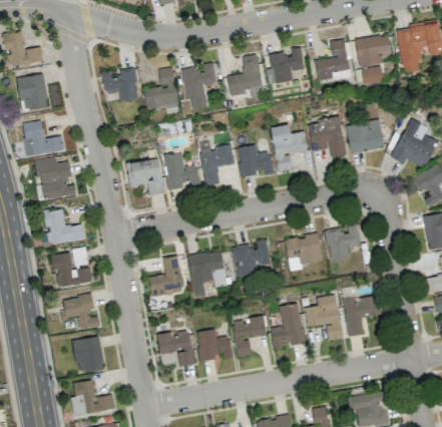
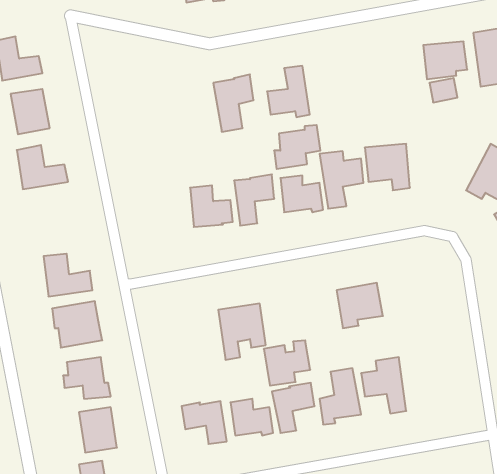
building: [315,39,350,81] -> none
building: [266,48,304,84] -> [274,125,320,169]
building: [143,67,178,108] -> none
building: [102,70,138,100] -> none
building: [346,120,384,153] -> none
building: [36,156,75,199] -> none
building: [121,159,163,195] -> none
building: [326,224,361,261] -> none
building: [233,240,271,277] -> [264,340,310,386]
building: [148,256,183,297] -> none
building: [343,295,381,337] -> none

